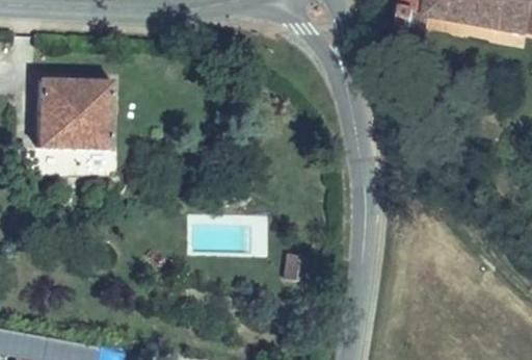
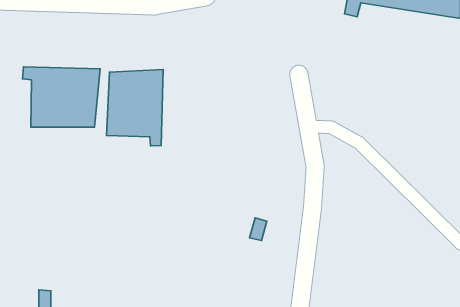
building: none -> [106,69,163,146]

